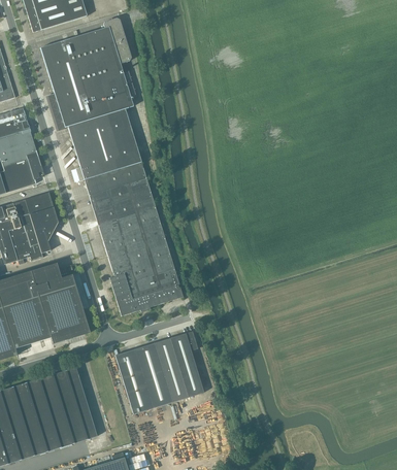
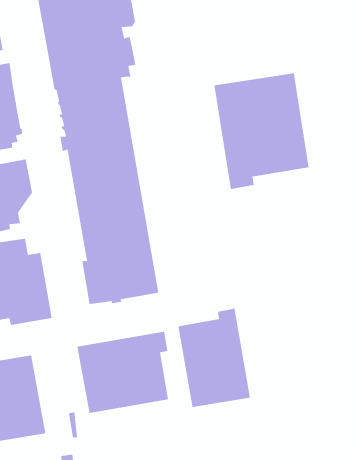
building: none -> [214,73,309,190]
building: none -> [178,308,250,408]

